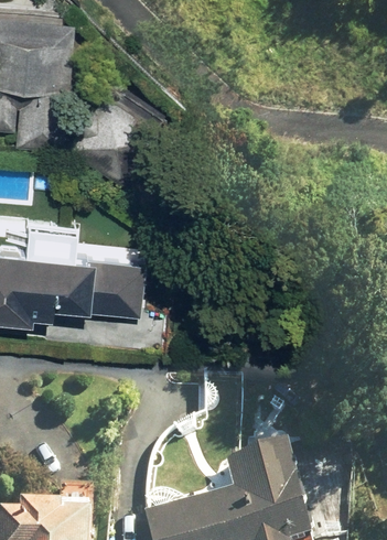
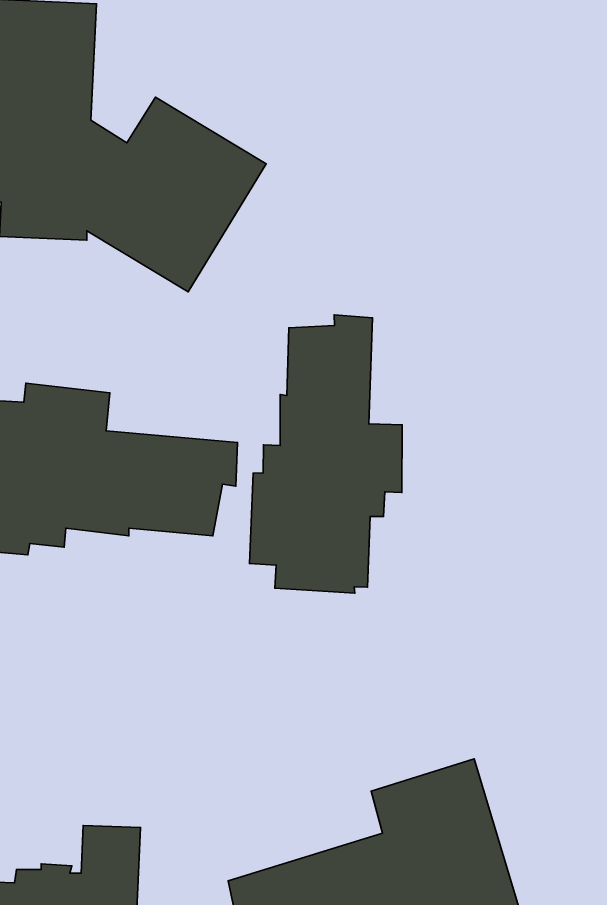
building: none -> [250,315,402,593]

